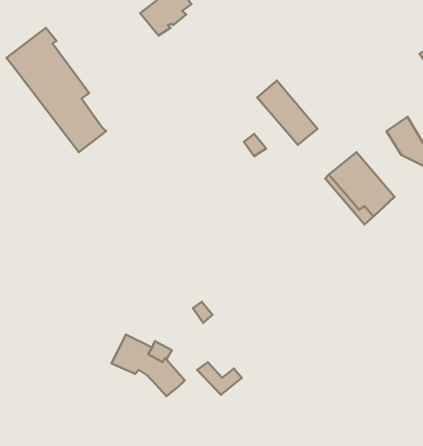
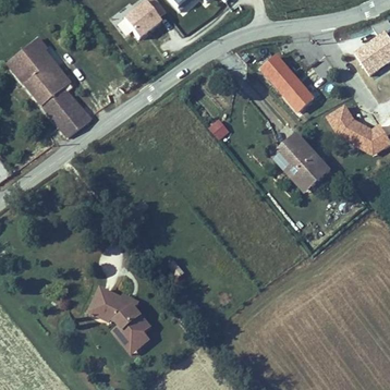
building: [257,80,317,145] -> [268,56,318,109]
building: [197,362,242,395] -> [121,326,158,353]

